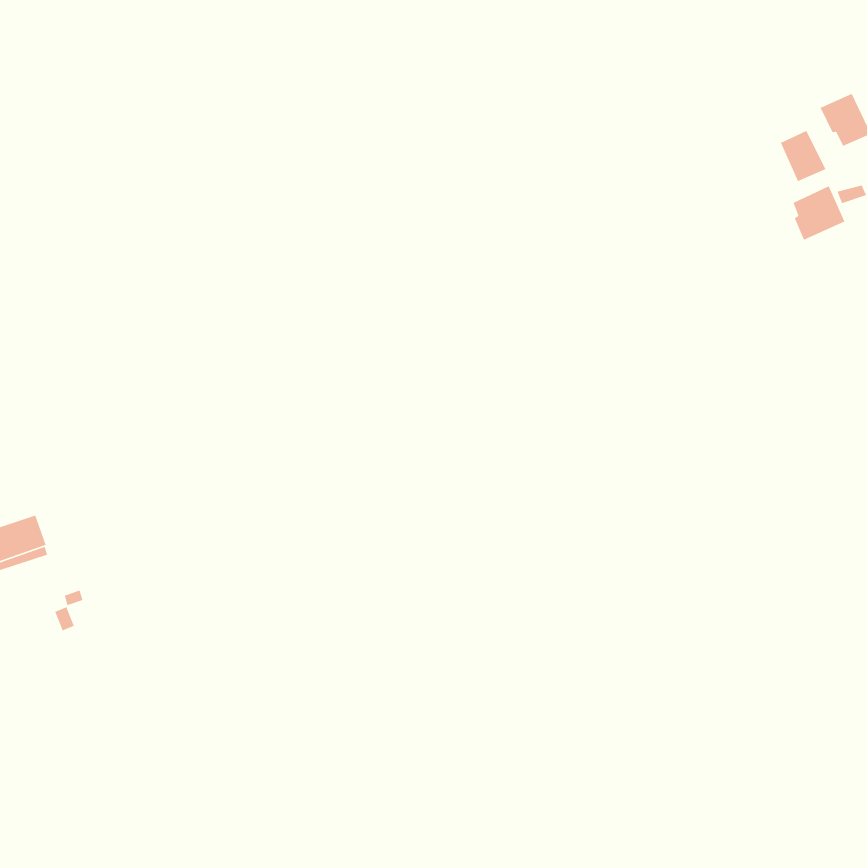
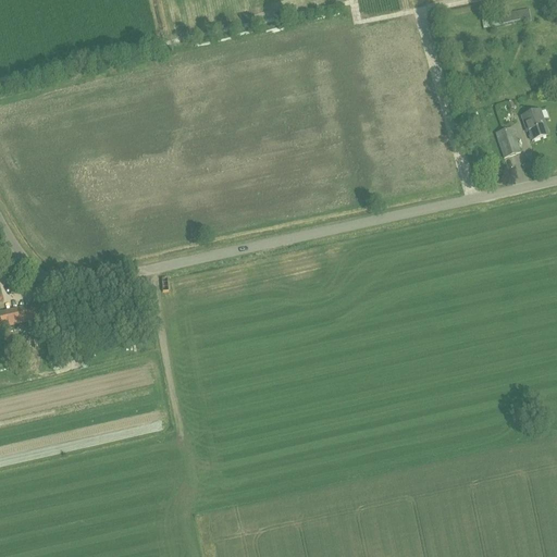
building: [792,185,845,241] -> none

